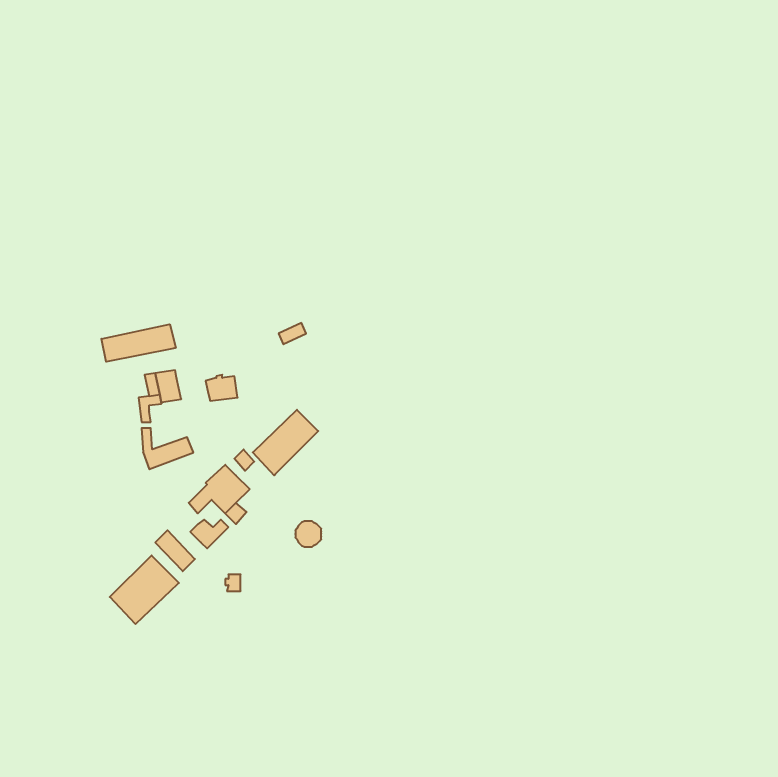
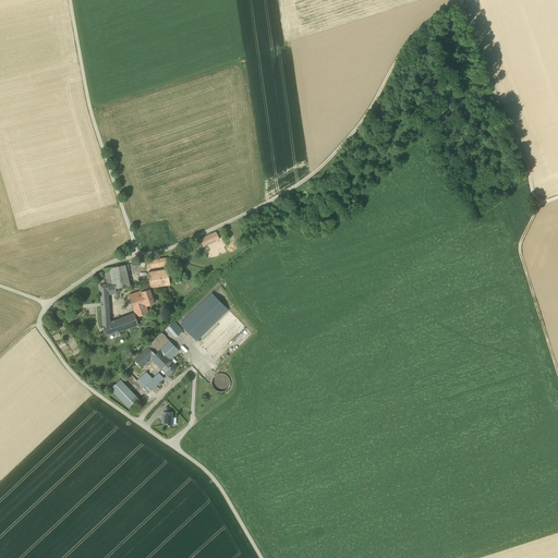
building: [101,324,176,362] -> none
building: none -> [129,289,154,317]
building: [110,555,179,624] -> none

